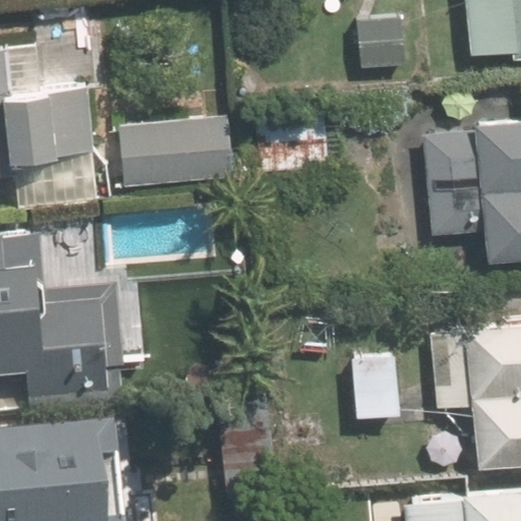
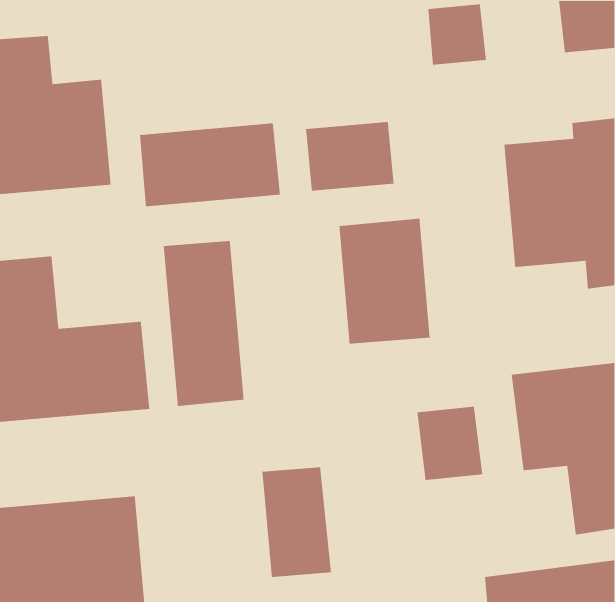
building: none -> [338,218,431,344]
building: none -> [163,240,245,407]

